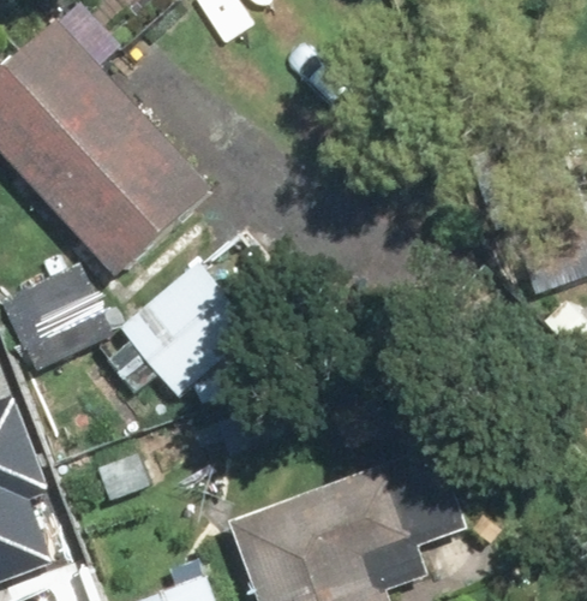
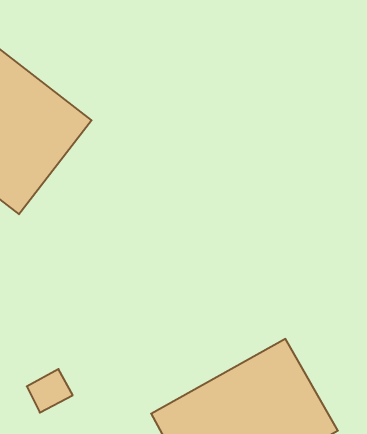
building: [106,264,251,395] -> none

